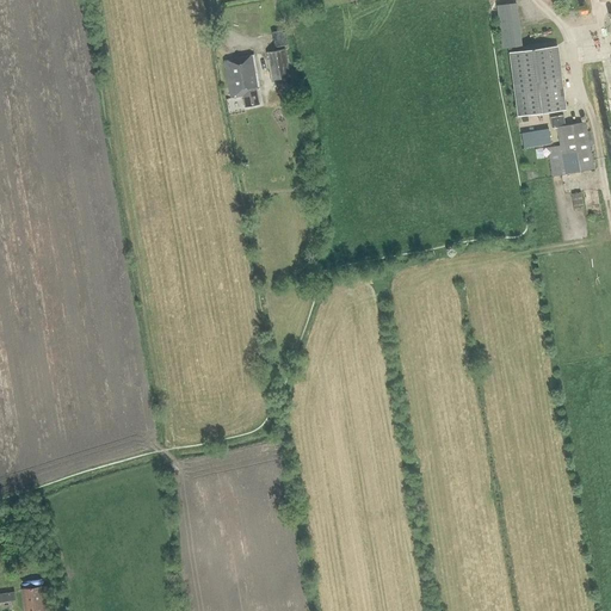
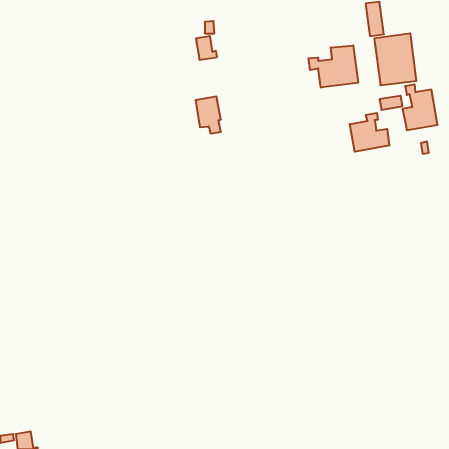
building: [224,56,259,106] -> [196,97,221,133]
building: none -> [309,45,358,88]
building: none -> [350,113,389,152]

